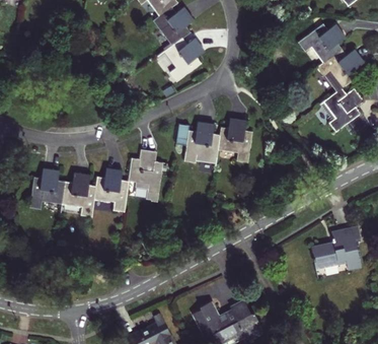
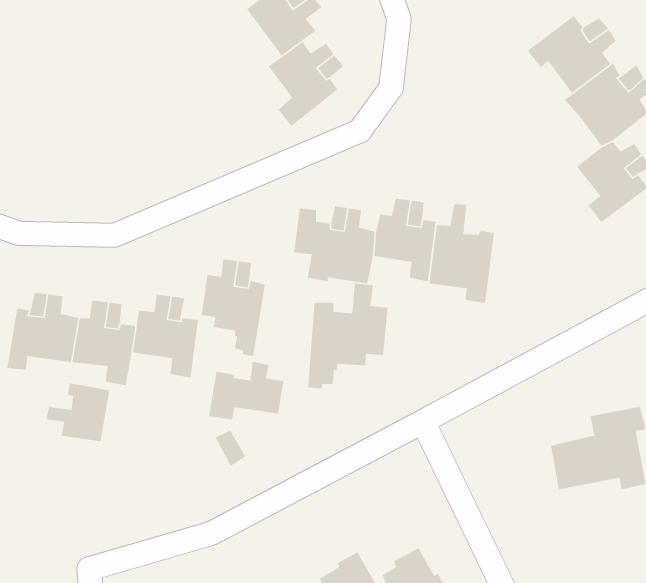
building: none -> [428,204,495,304]
building: none -> [307,283,389,389]
building: none -> [208,361,284,420]
building: none -> [45,382,110,442]

